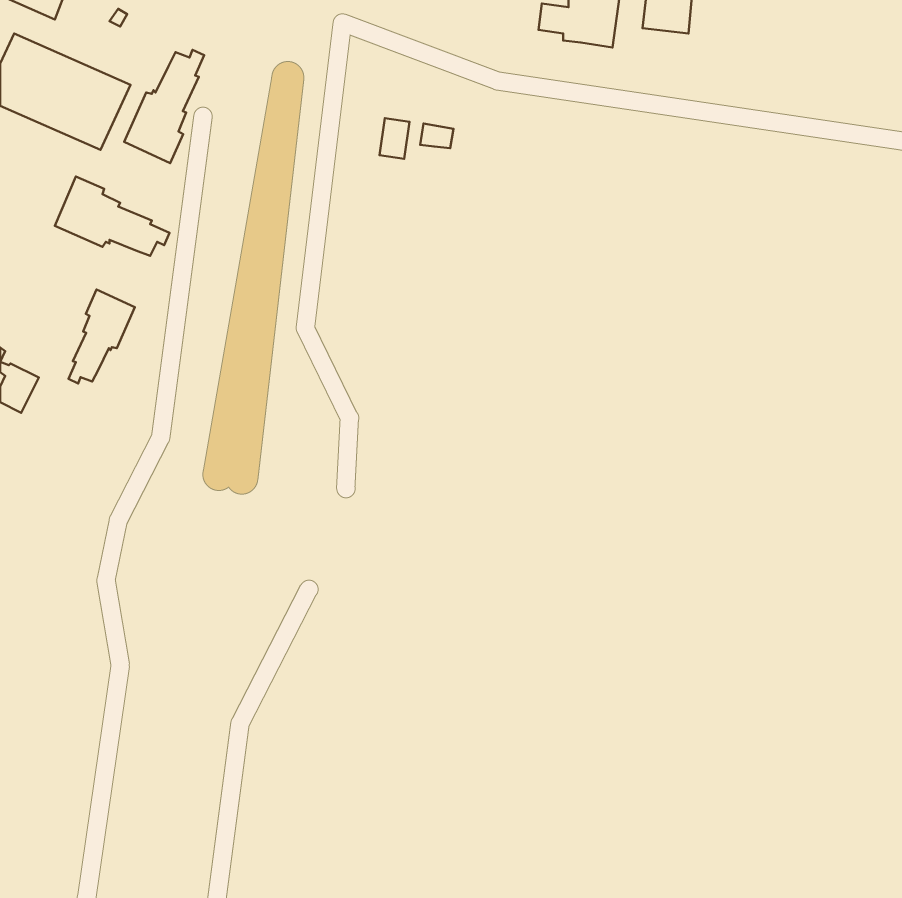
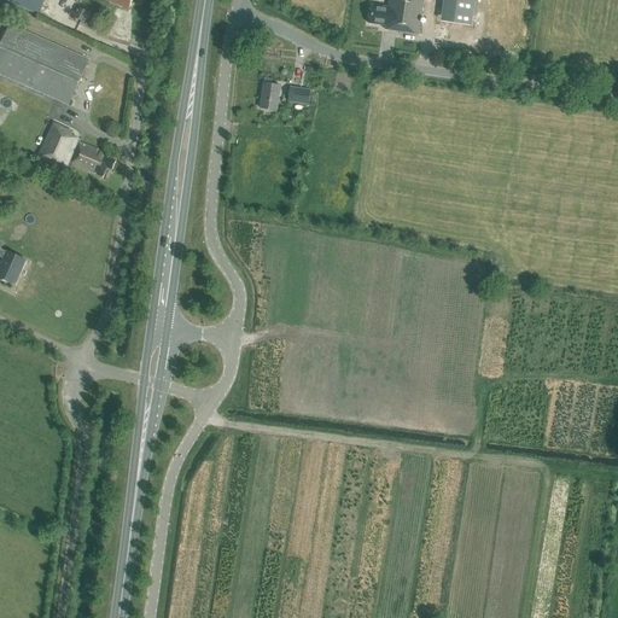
building: [124,50,204,163] -> none
building: [69,290,135,383] -> none

